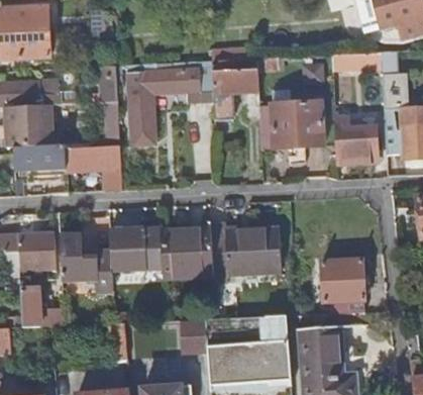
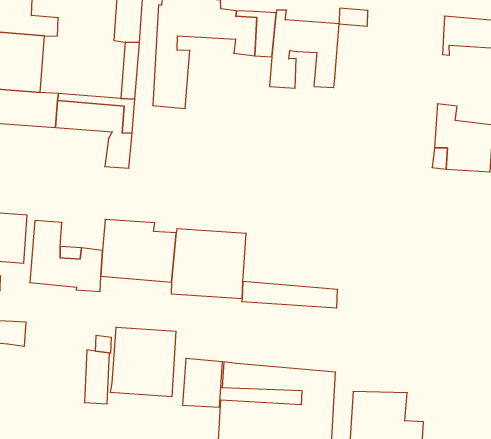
building: [259,89,324,149] -> none
building: [211,223,281,261] -> none
building: [322,259,365,314] -> none
building: none -> [110,327,176,397]

